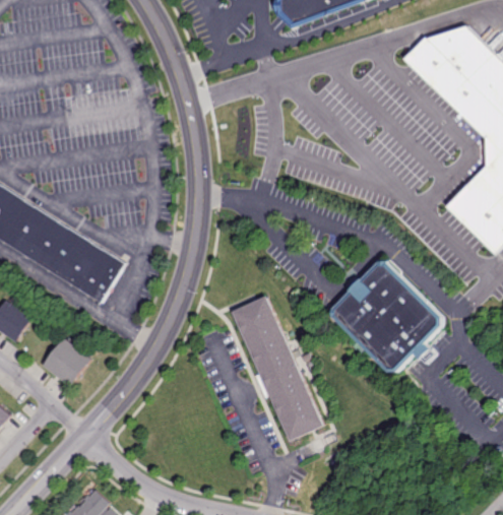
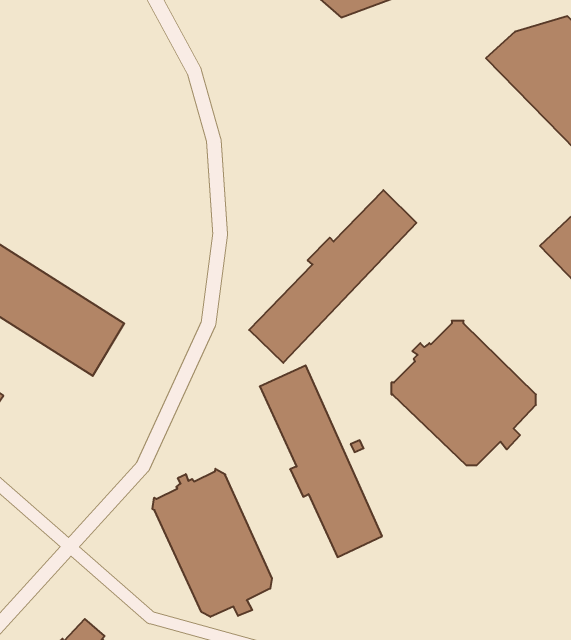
building: none -> [249,190,416,363]
building: [42,338,90,387] -> none
building: none -> [152,469,272,617]

